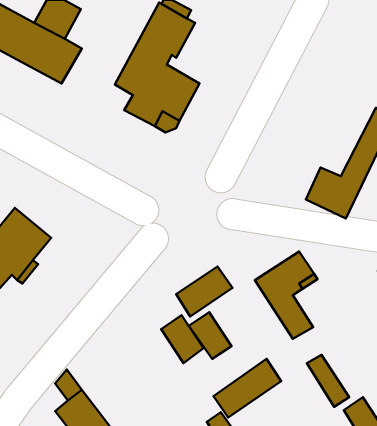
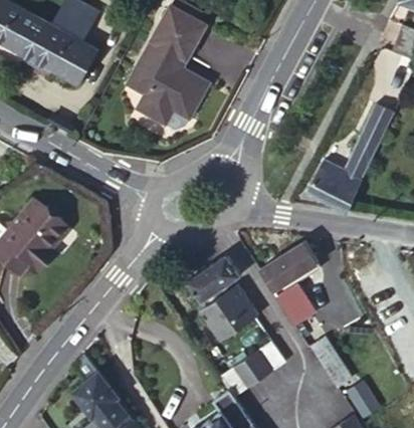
building: [161,315,204,363] -> [217,285,257,331]

